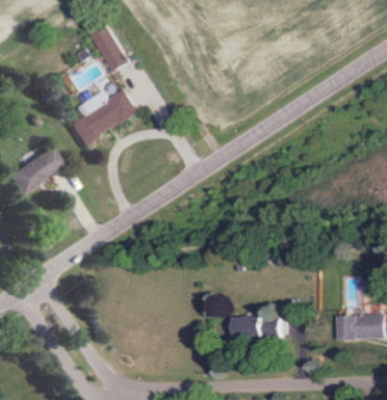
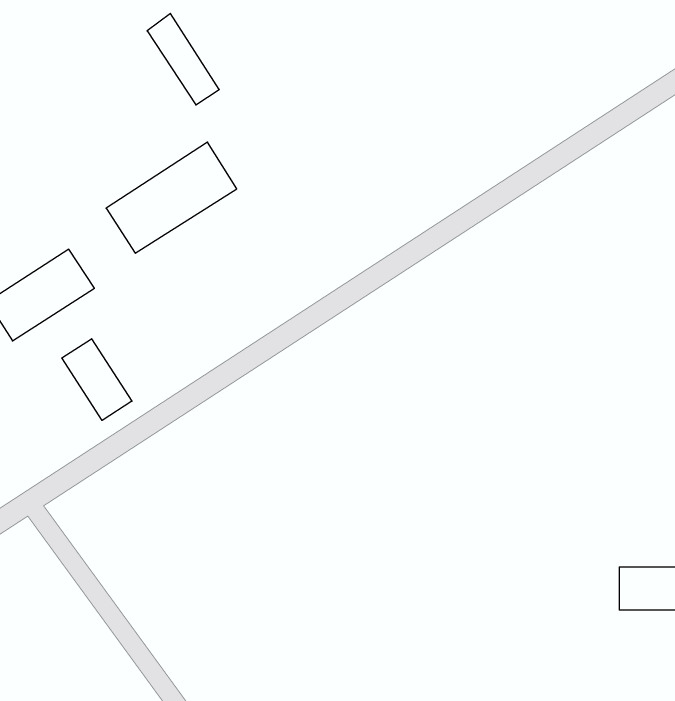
building: none -> [62,339,132,420]
building: [236,318,281,337] -> none

